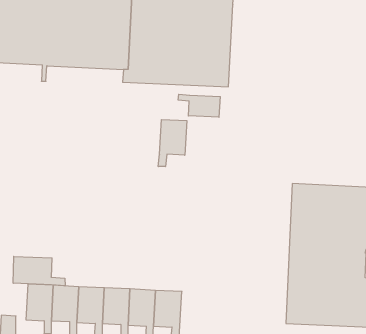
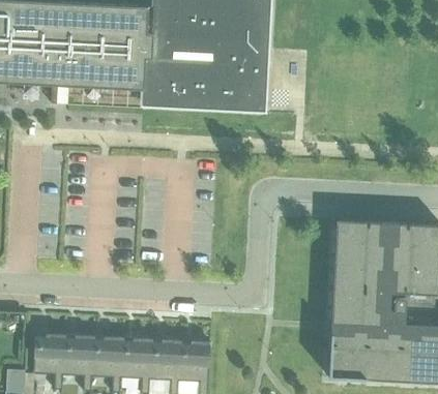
building: [178,94,220,117] -> none
building: [158,120,187,167] -> none
building: [13,256,65,286] -> none

